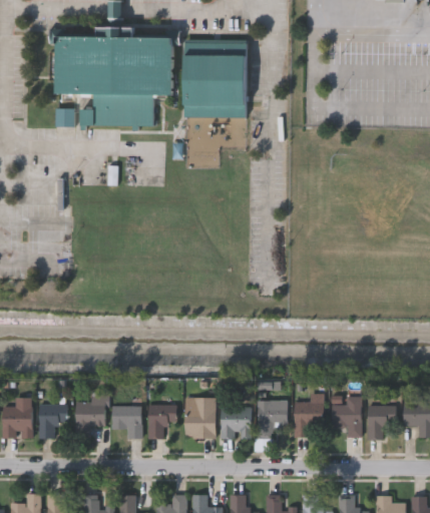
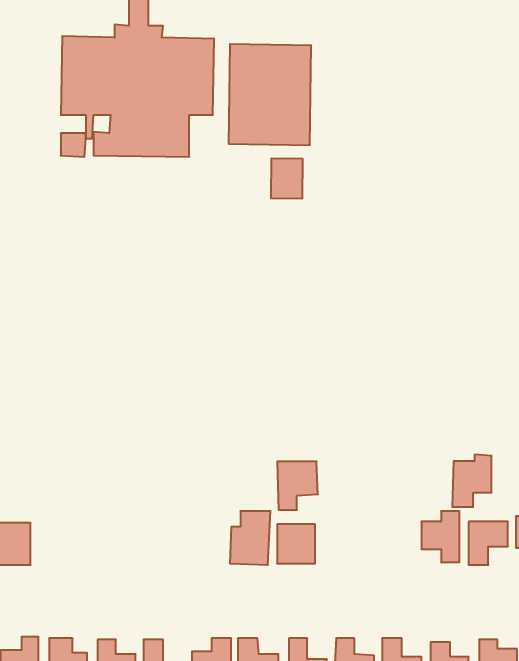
building: none -> [271,158,303,199]
building: [76,395,107,438] -> none
building: [294,397,324,437] -> [452,455,492,507]
building: [257,400,288,437] -> [277,461,318,510]
building: [38,405,68,438] -> none
building: [148,405,176,438] -> none
building: [112,406,141,438] -> none

